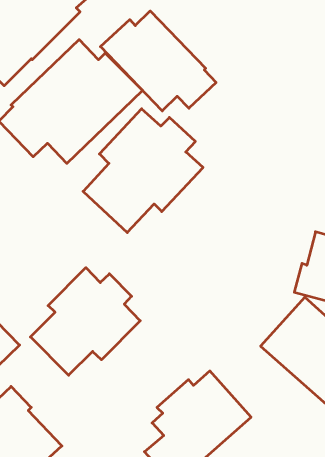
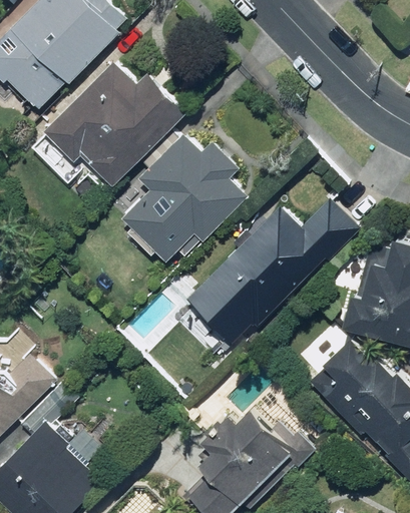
building: [100,11,216,111] -> none
building: none -> [172,197,361,354]
building: [30,268,140,375] -> none

